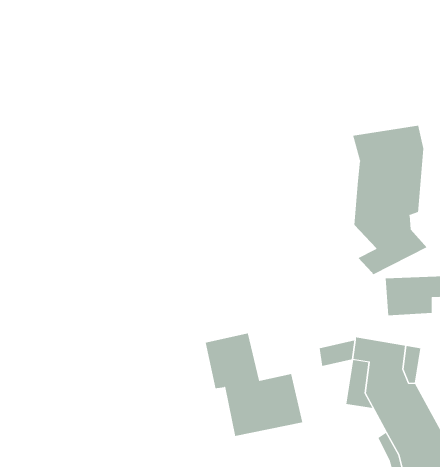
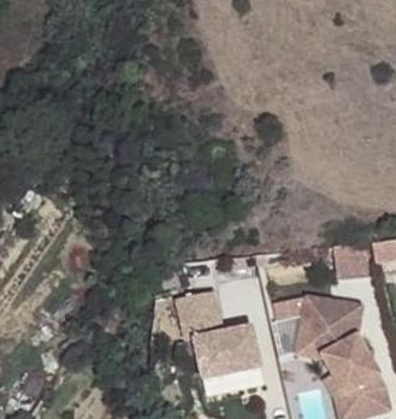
building: [352,125,428,275] -> none

